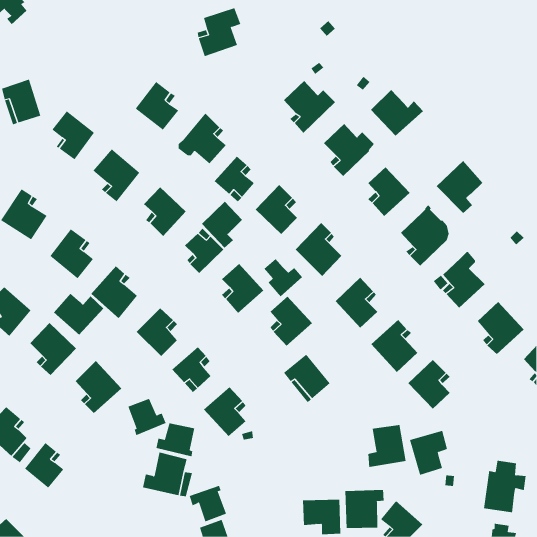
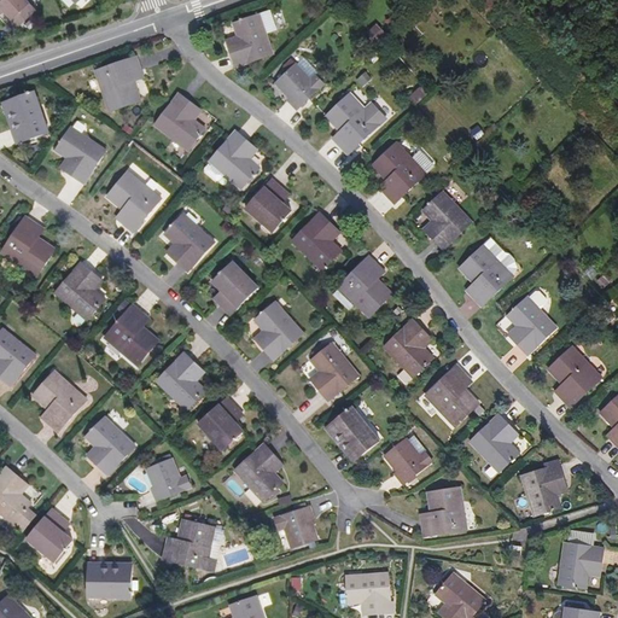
building: none -> [93,56,140,111]
building: none -> [275,63,323,109]
building: [370,89,424,136] -> none
building: [436,160,483,214] -> none
building: [201,201,243,248] -> none
building: [263,258,303,297] -> none
building: [53,293,104,335] -> none
building: none -> [384,432,433,483]
building: [156,422,195,457] -> none
building: [409,430,448,476] -> [521,464,566,515]
building: [189,485,227,522] -> [274,507,317,549]
building: [345,489,384,529] -> none
building: none -> [88,565,134,601]

